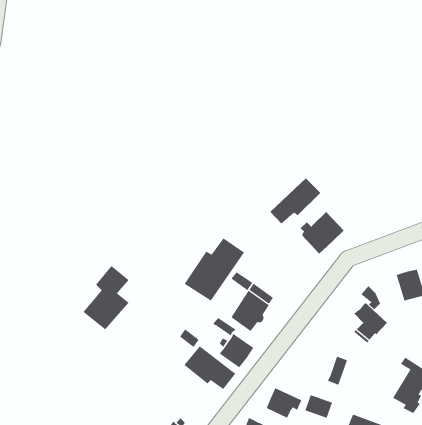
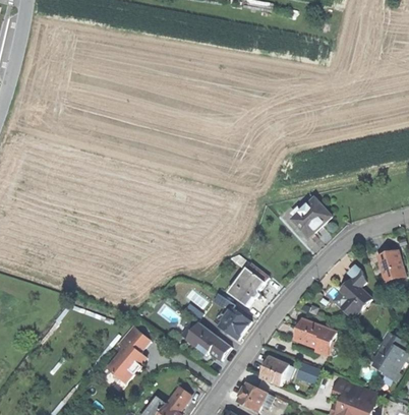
building: [269,178,321,225] -> none
building: [184,238,245,302] -> none
building: [83,265,129,330] -> [107,325,149,383]
building: none -> [295,321,324,347]

